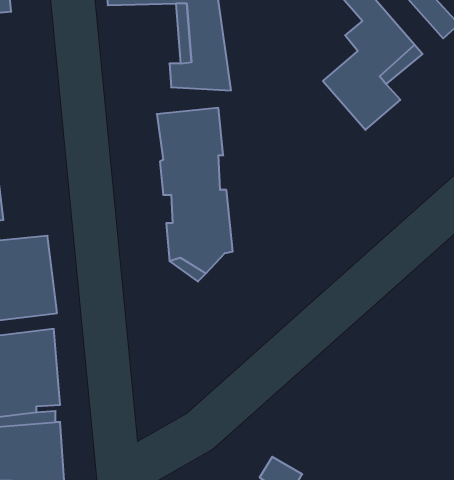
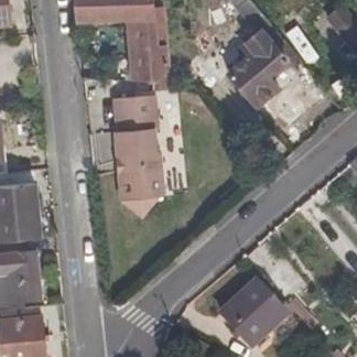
building: none -> [218,280,288,347]

